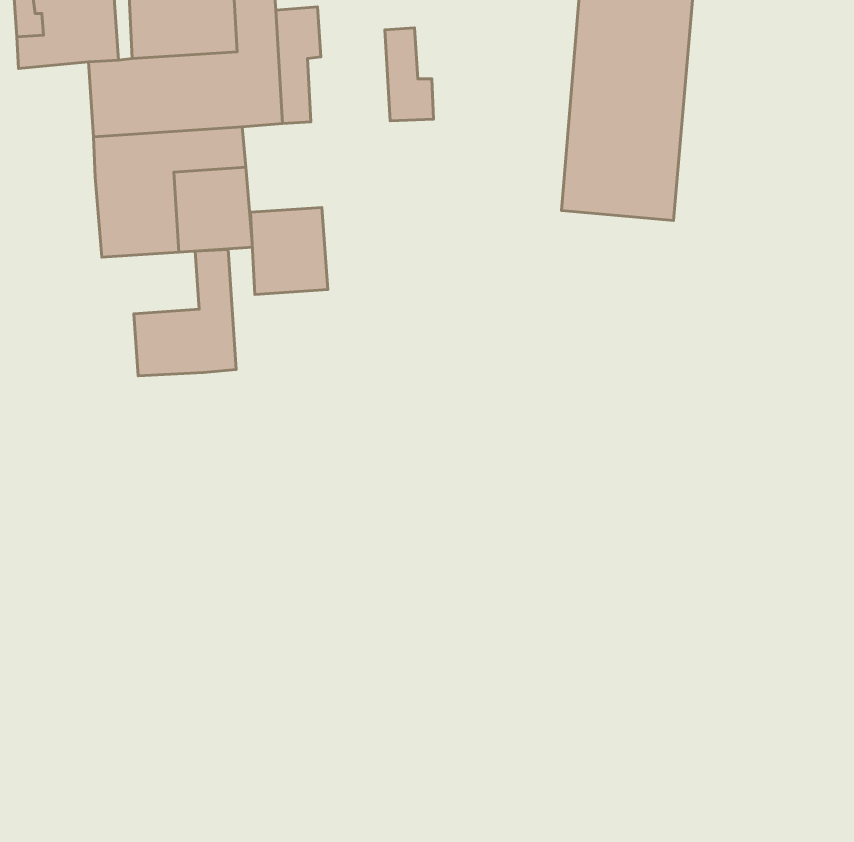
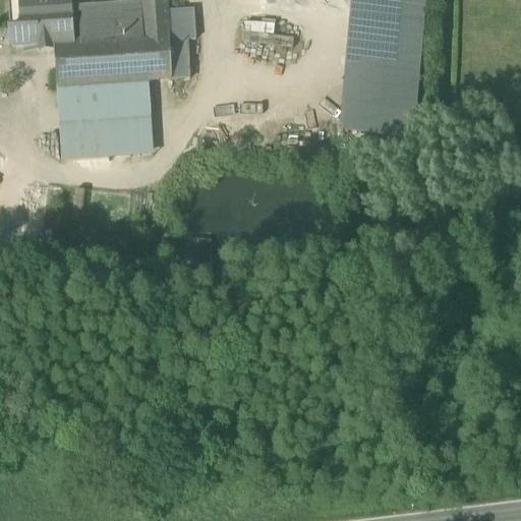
building: [385,28,434,121] -> none
building: [250,208,328,294] -> none
building: [134,249,236,376] -> none

